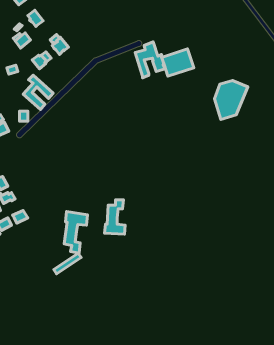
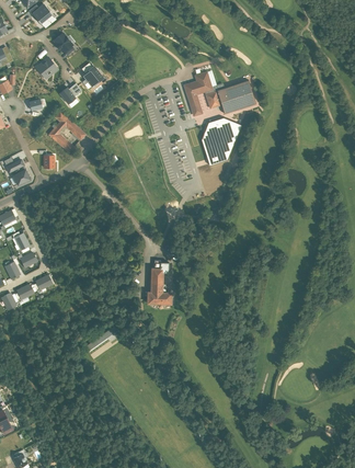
building: [214,81,248,120] -> [201,117,241,164]
building: [64,212,87,253] -> none

